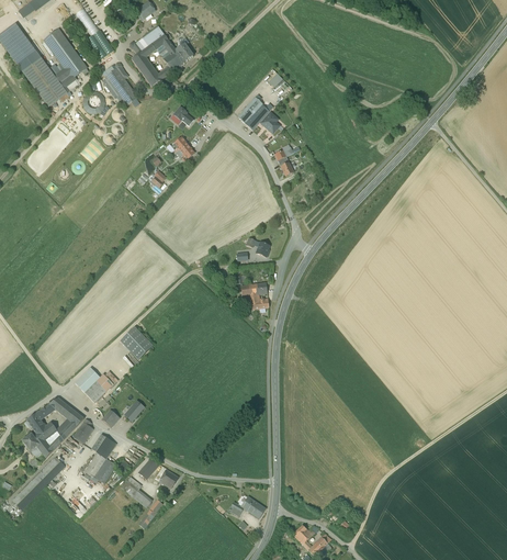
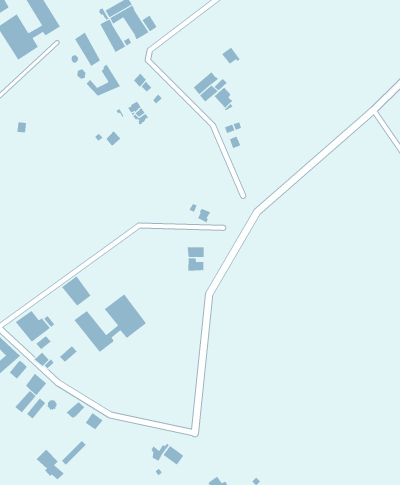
building: none -> [86,64,121,97]
building: none -> [74,293,147,353]
building: [121,475,153,507] -> [36,449,65,480]

